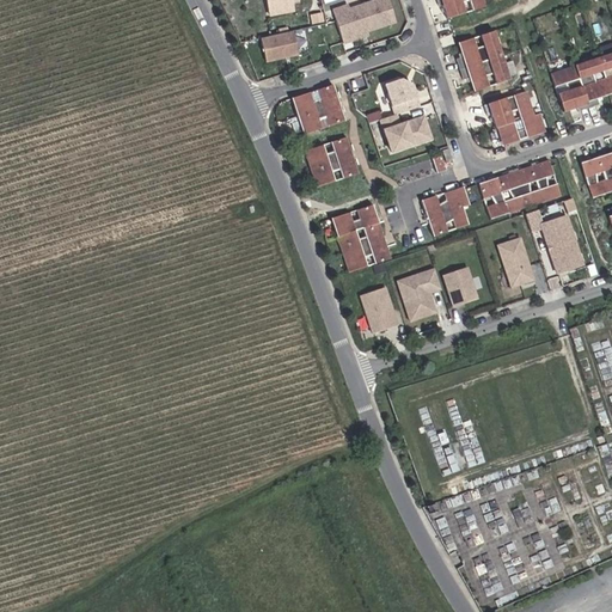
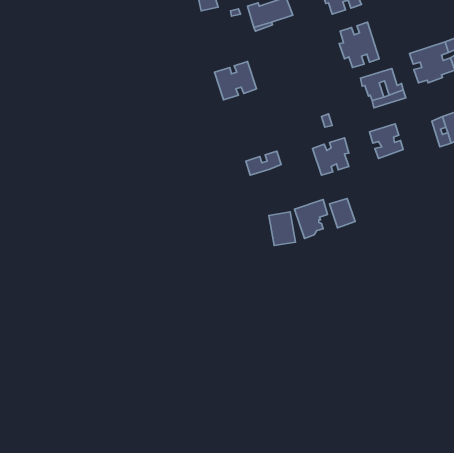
building: [262,29,299,60] -> none
building: [381,73,433,152] -> none
building: [305,136,357,186] -> none
building: [532,159,562,201] -> none
building: [479,177,509,219] -> none
building: [526,209,582,271] -> none
building: [337,221,391,271] -> none
building: [500,234,534,286] -> none

